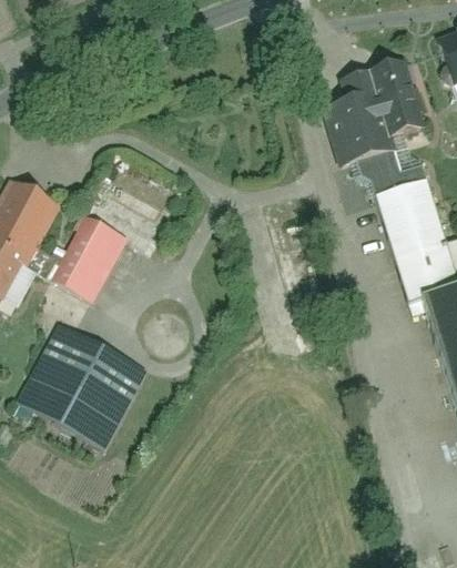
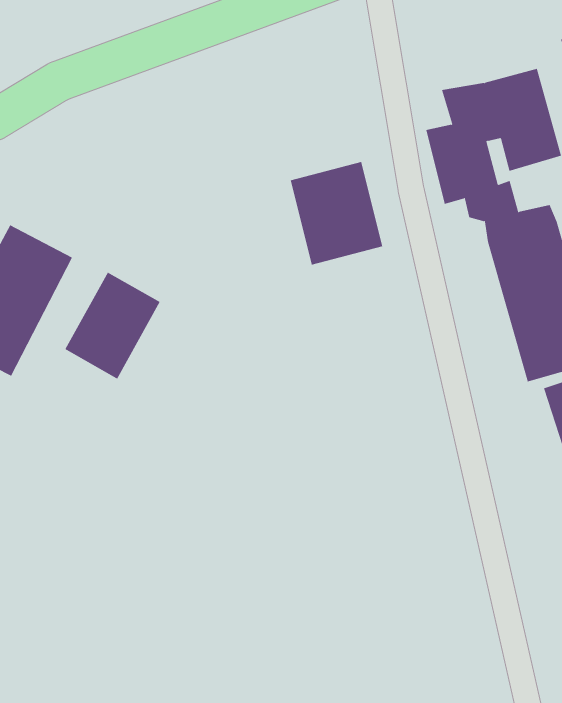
building: none -> [290,161,383,265]
building: [16,320,153,453] -> none

